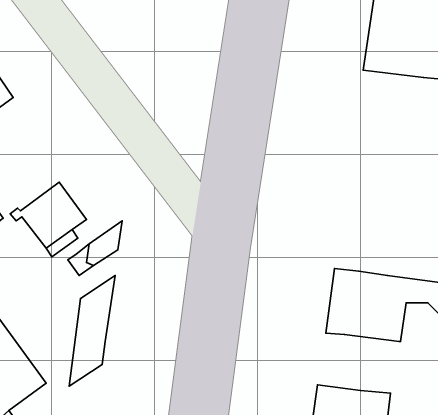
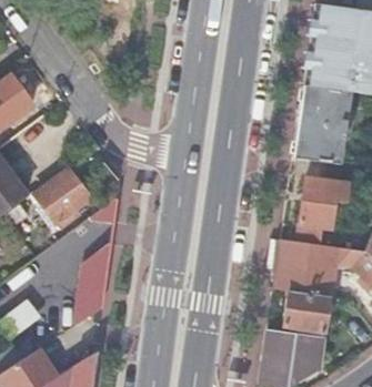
building: none -> [293,83,350,160]
building: none -> [300,175,351,242]
building: none -> [284,287,331,326]

